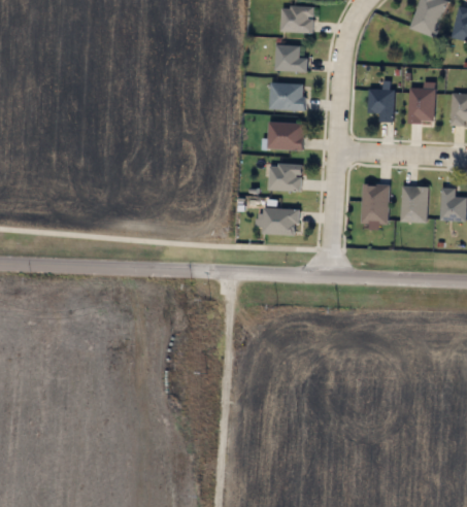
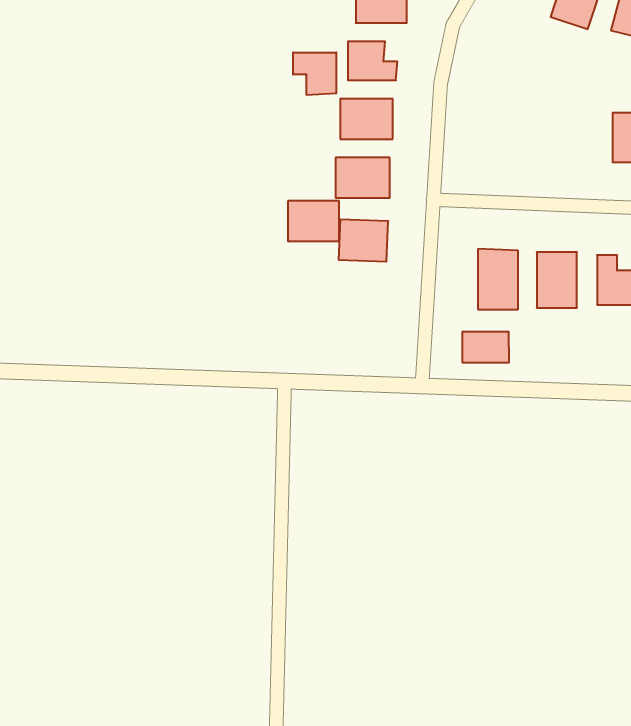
building: none -> [293,52,336,95]
building: [408,82,435,124] -> none
building: [369,89,394,123] -> none
building: [264,208,298,235] -> [288,201,339,241]
building: none -> [462,332,509,363]

